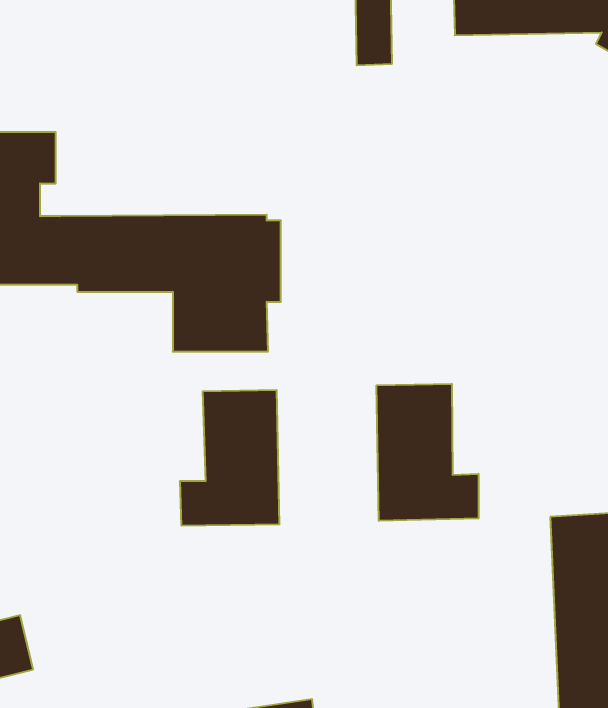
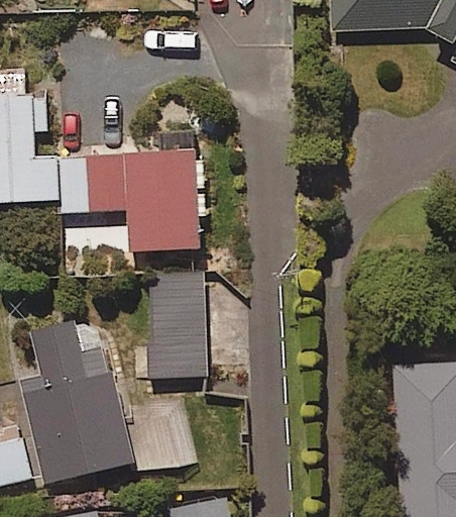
building: [377,384,479,521] -> none
building: none -> [23,320,194,486]

